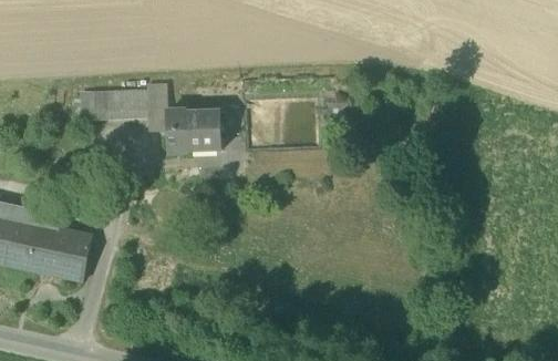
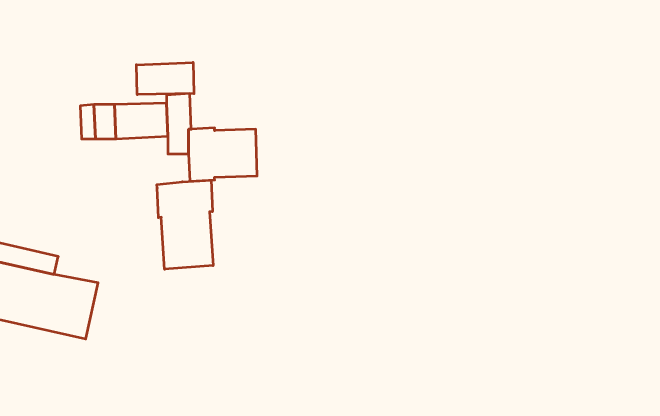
building: none -> [136,62,194,95]
building: none -> [157,180,213,269]

